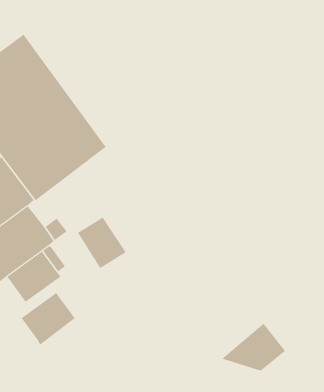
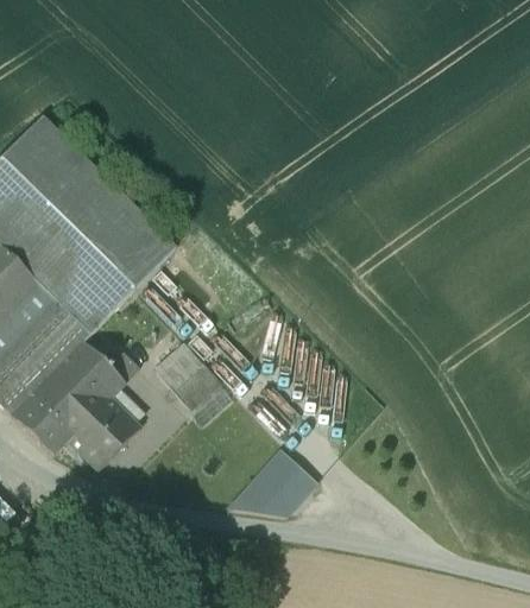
building: [21,292,75,345] -> none
building: [221,323,286,371] -> [231,449,314,513]

